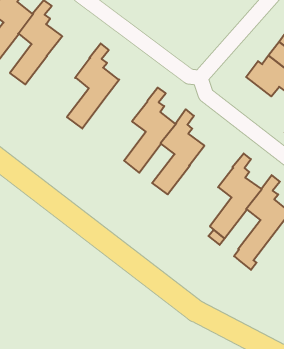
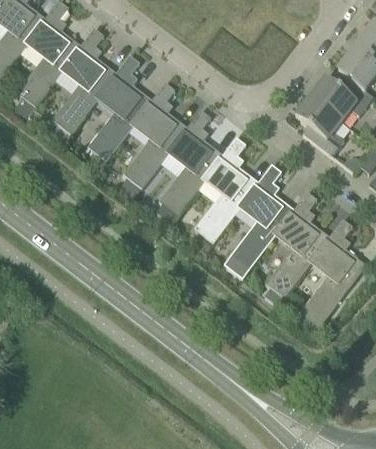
building: none -> [51,28,116,134]
building: none -> [122,82,187,188]
building: none -> [295,97,343,156]
building: none -> [226,164,294,278]

